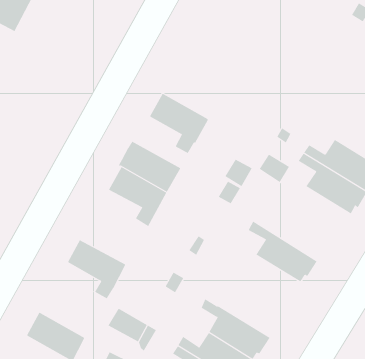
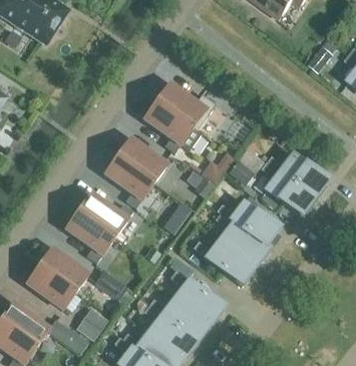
building: none -> [155,82,216,130]
building: none -> [217,202,277,250]
building: none -> [77,193,132,236]
building: none -> [194,239,253,284]
building: none -> [38,247,88,291]

